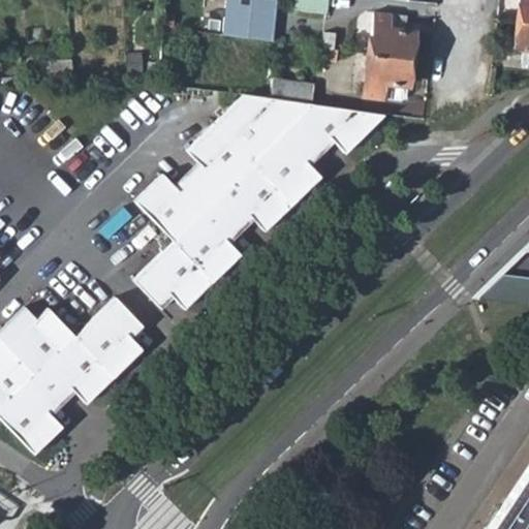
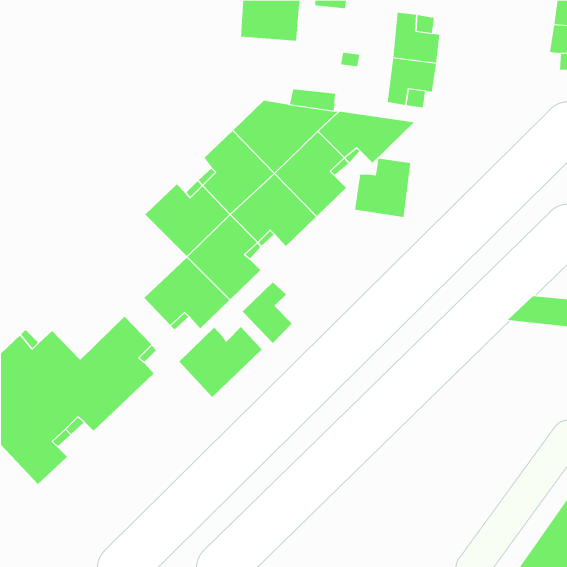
building: none -> [355,158,411,218]
building: none -> [242,281,293,344]
building: none -> [179,326,262,398]

